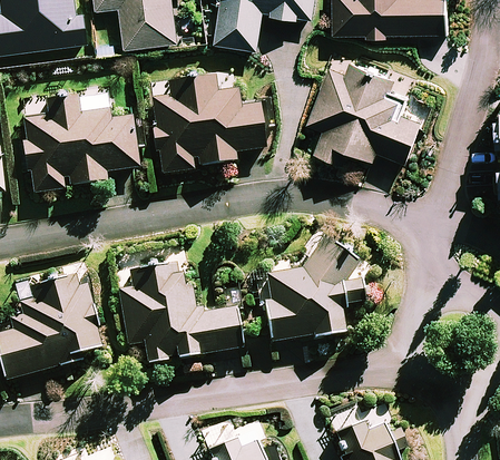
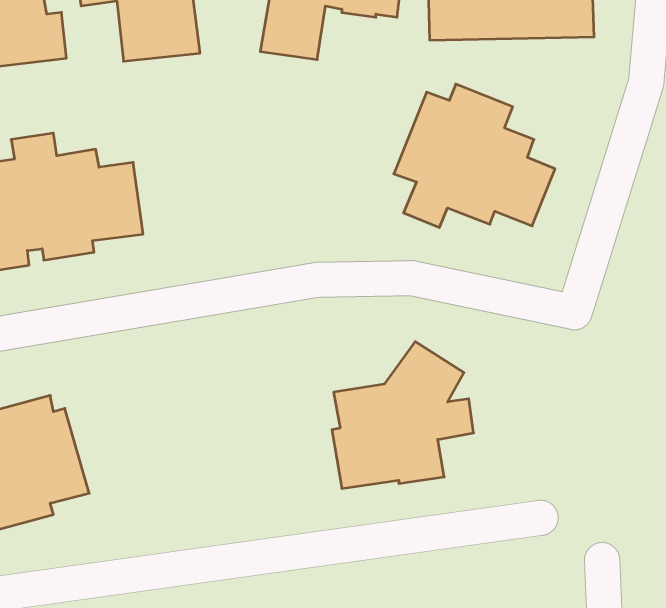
building: [153,76,264,172] -> none
building: [120,264,243,360] -> none

